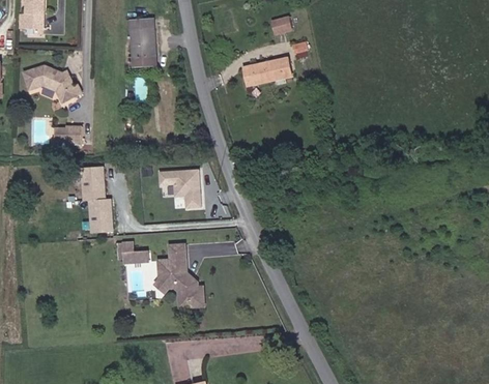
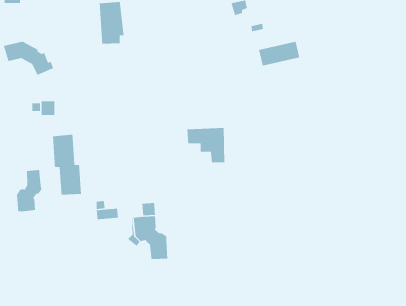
building: [240,60,286,88] -> [258,41,300,67]
building: [154,171,197,210] -> [186,127,225,163]
building: none -> [16,169,42,212]

